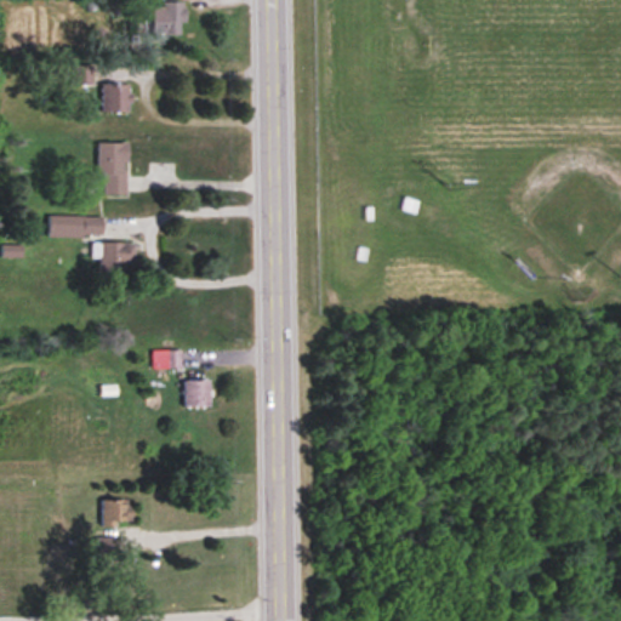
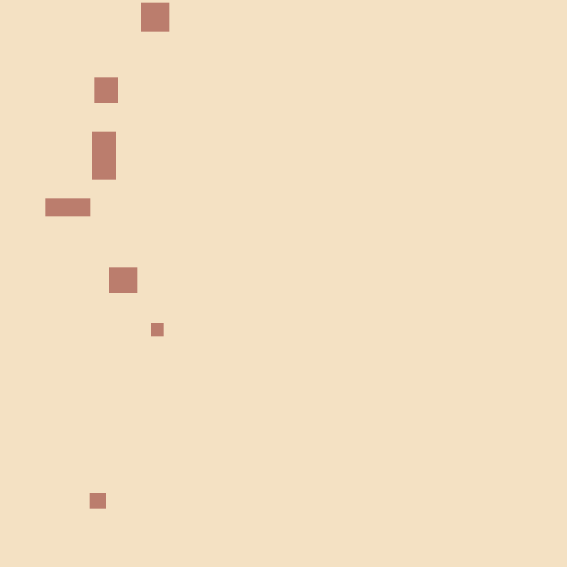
building: [101,243,133,272] -> [108,267,138,294]
building: [184,380,211,405] -> none
building: [102,500,133,524] -> none

